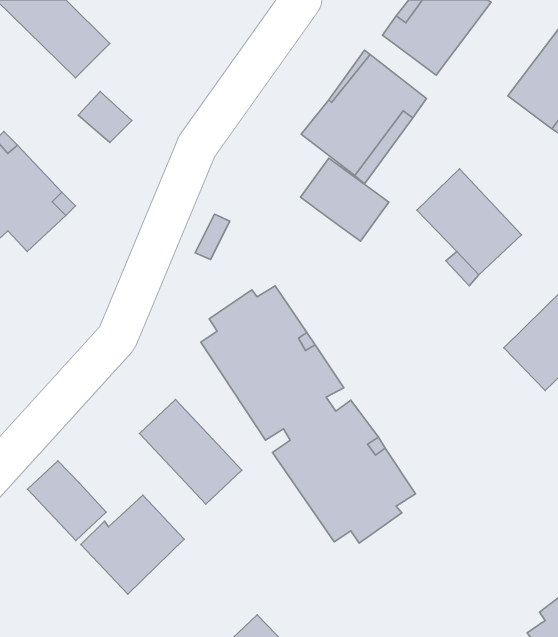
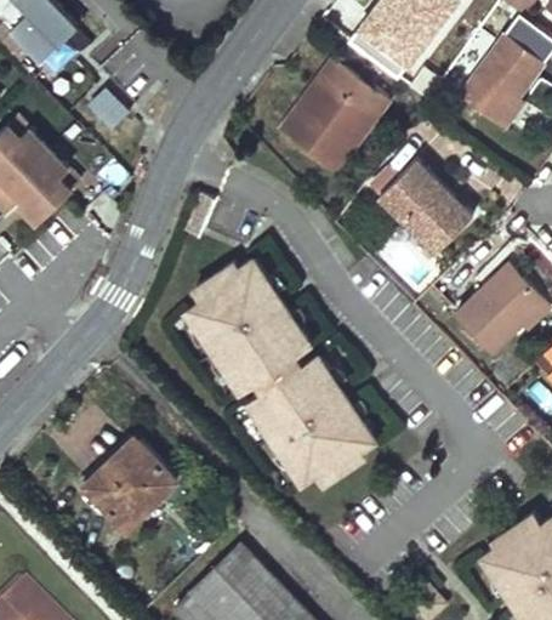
building: [301,158,389,241] -> none
building: [139,399,242,504] -> none
building: [27,461,106,540] -> none

